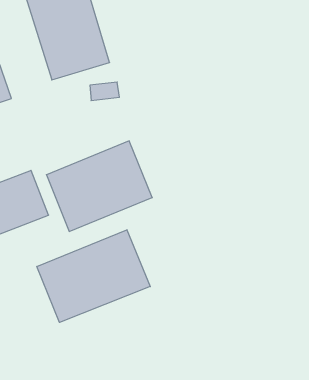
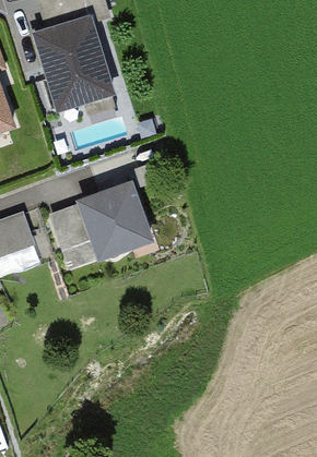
building: [37,230,150,322] -> none

